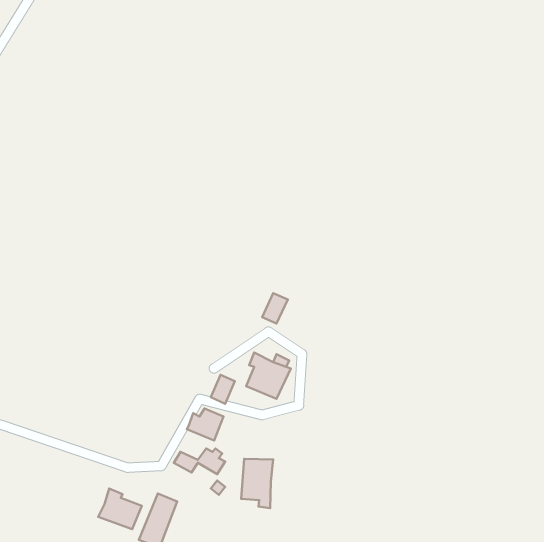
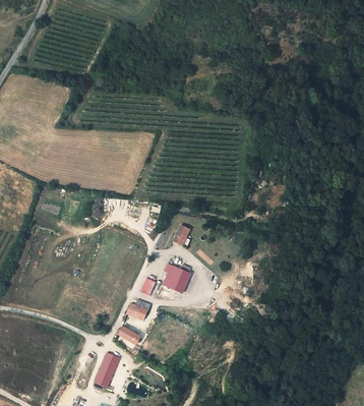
building: [241,459,273,508] -> none
building: [98,489,142,529] -> none

